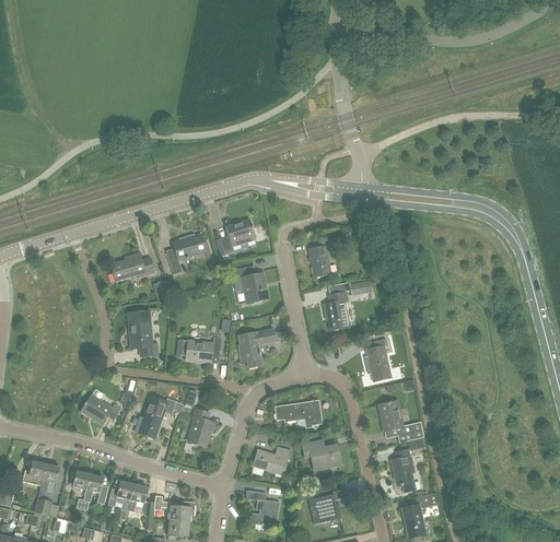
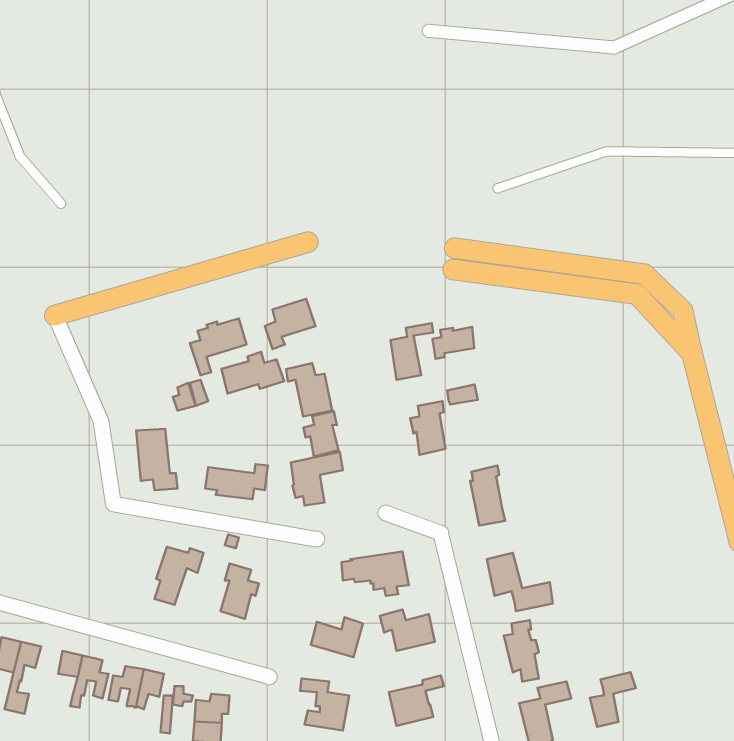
building: none -> [433,327,474,359]
building: [109,251,154,281] -> [221,352,284,393]
building: none -> [303,411,339,456]
building: [81,394,119,425] -> none
building: none -> [590,672,636,727]

